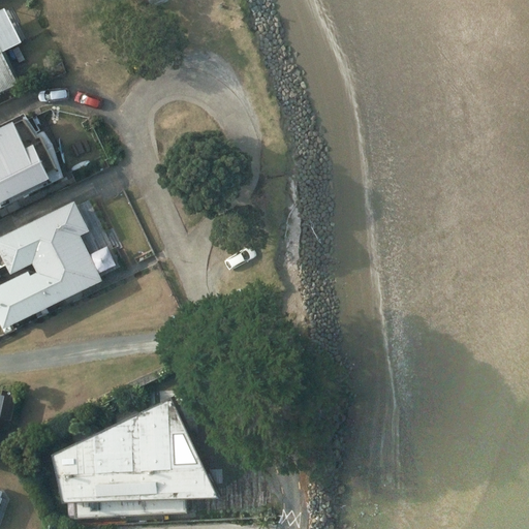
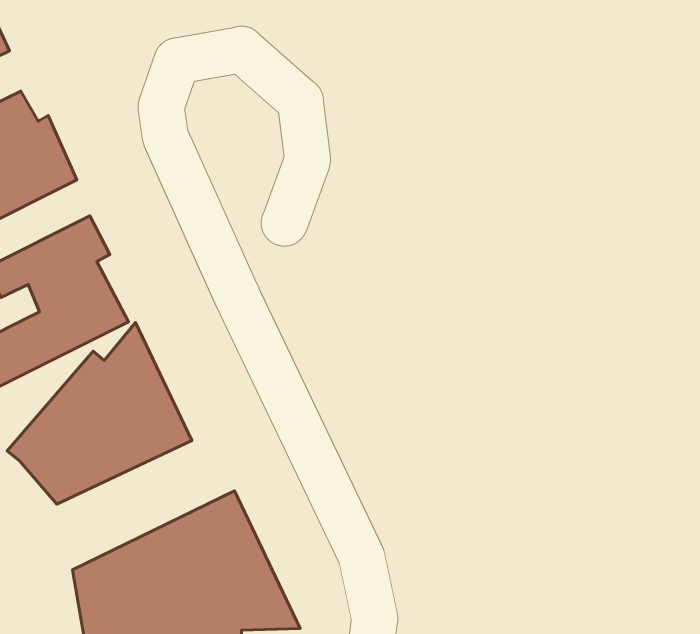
building: none -> [7,323,192,504]

